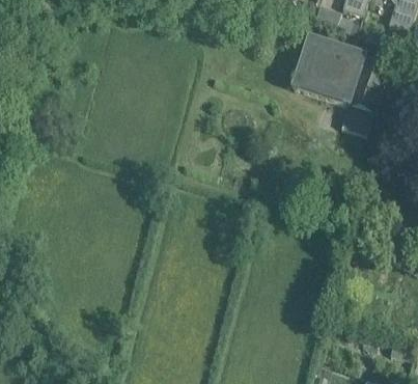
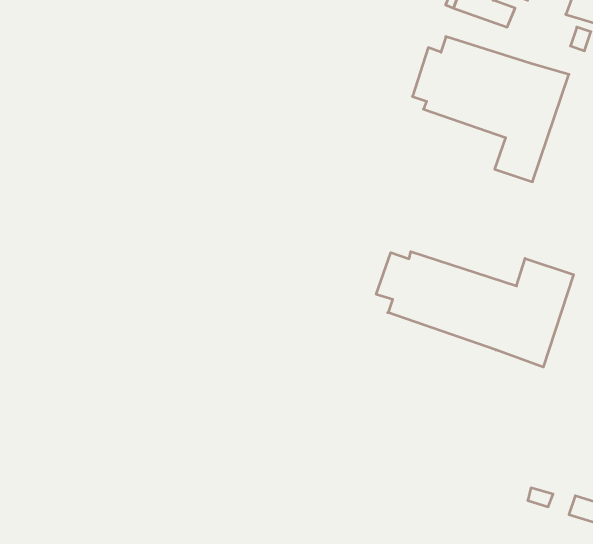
building: none -> [376,252,574,367]

